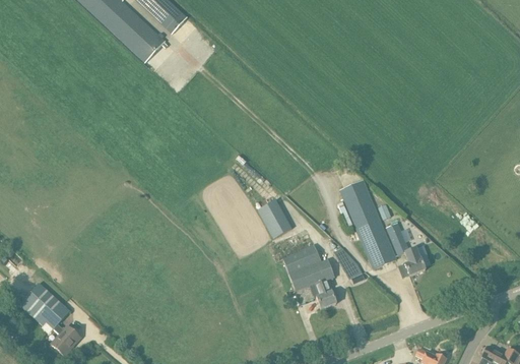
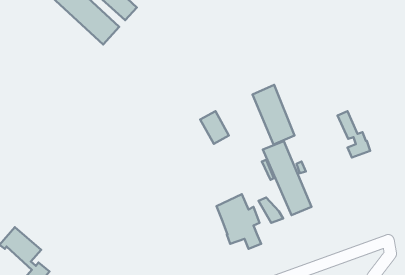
building: none -> [252,85,295,144]
building: [257,198,291,238] -> [200,111,229,144]
building: [385,222,425,278] -> [337,111,370,157]

